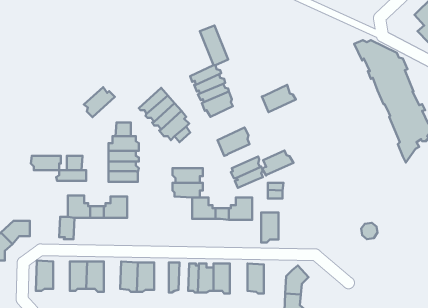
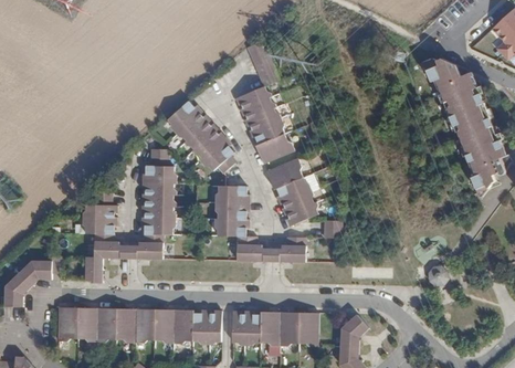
building: [262,85,296,112] -> [254,133,293,164]
building: [84,87,115,117] -> [166,101,201,135]
building: [262,150,293,176] -> [276,176,312,204]
building: none -> [214,186,249,203]
building: [31,156,61,170] -> [82,218,116,234]
building: none -> [141,219,175,235]
building: [261,212,279,242] -> [280,312,299,346]
building: none -> [78,309,97,343]
building: none -> [136,309,156,344]
building: none -> [193,311,210,345]

